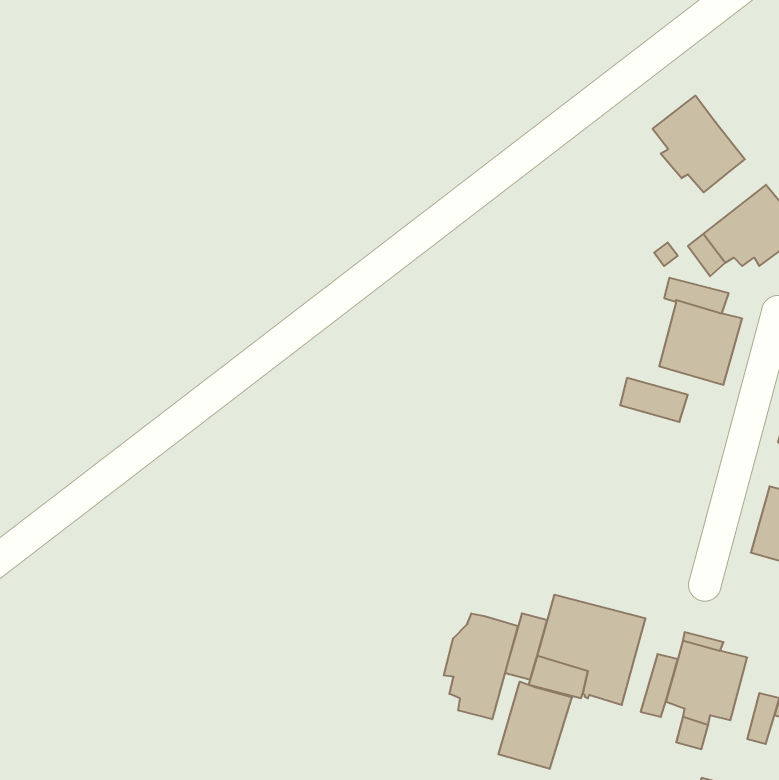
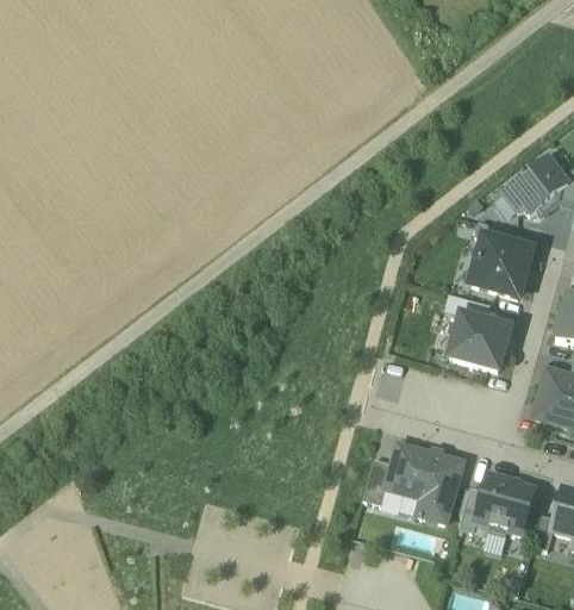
building: [653,96,745,192] -> none
building: none -> [451,315,510,368]
building: [444,613,518,719] -> none
building: [498,682,572,769] -> none

